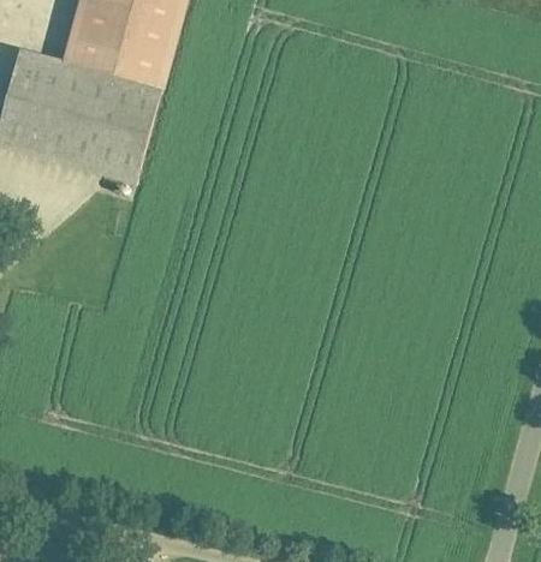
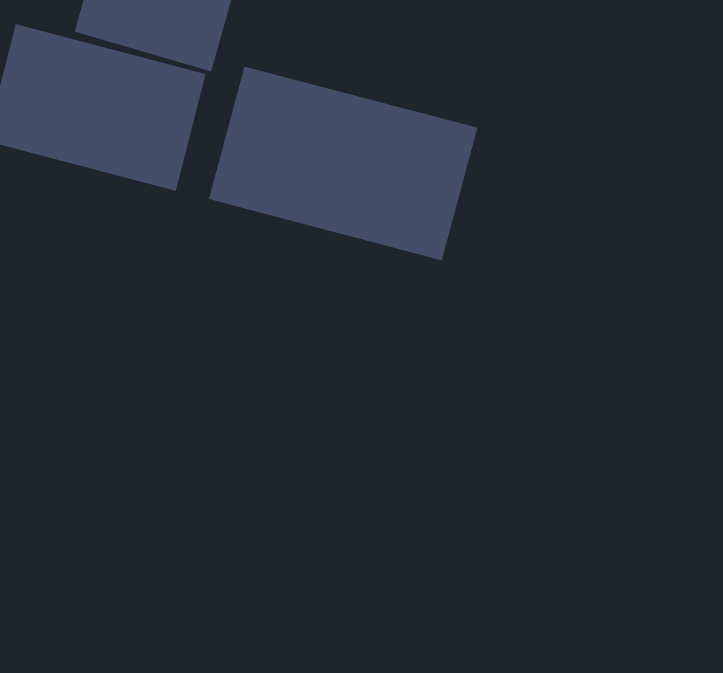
building: none -> [208,66,478,261]

